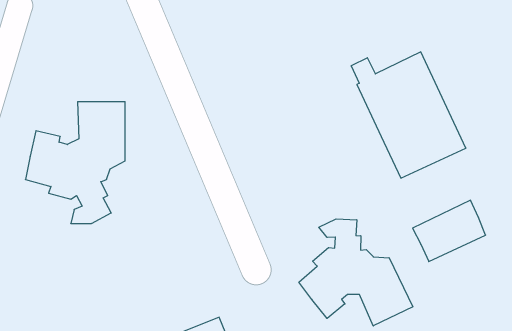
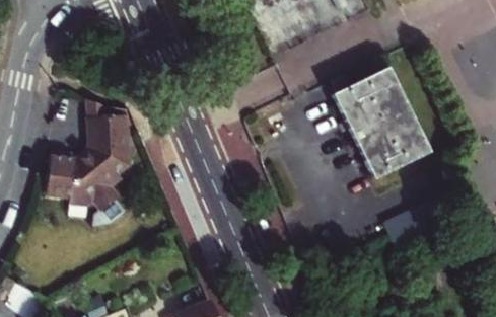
building: [299,219,413,326] -> none

